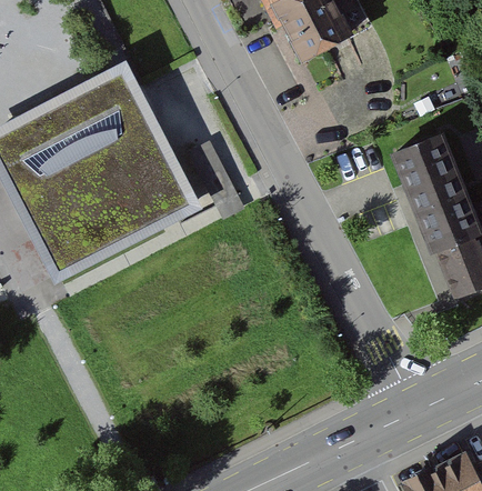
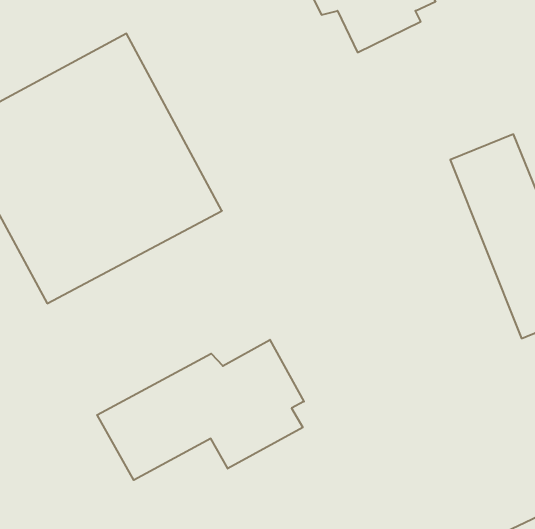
building: none -> [97,340,304,480]

